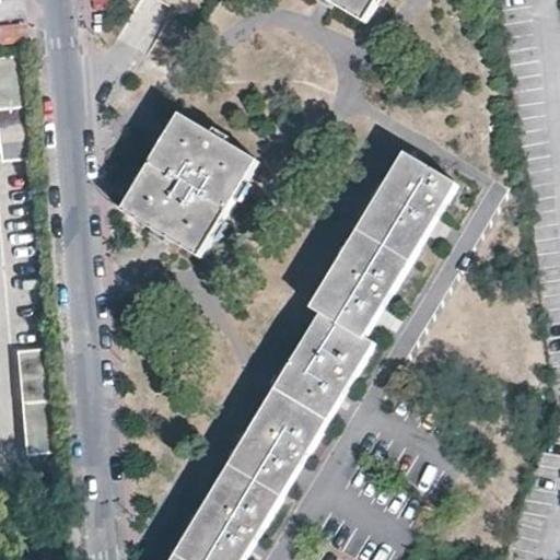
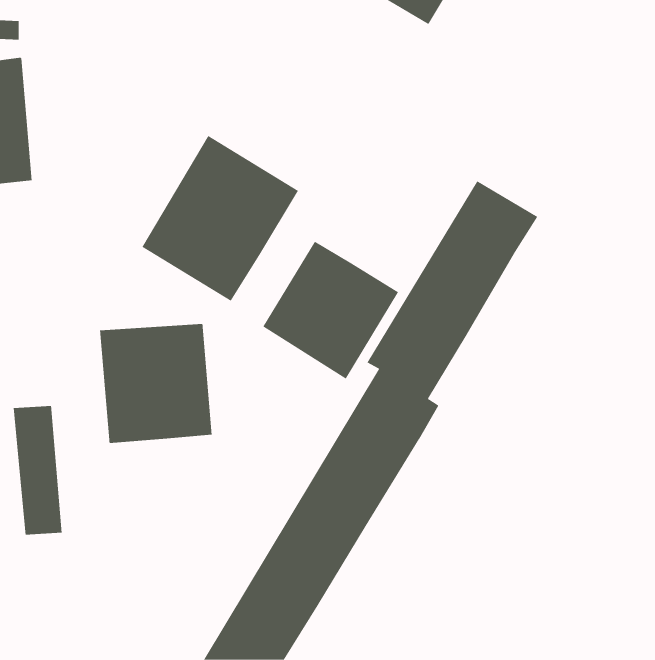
building: none -> [262,241,399,379]
building: none -> [100,323,212,444]

